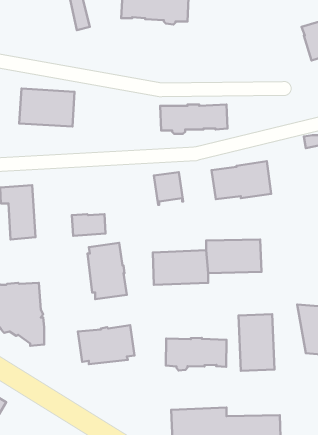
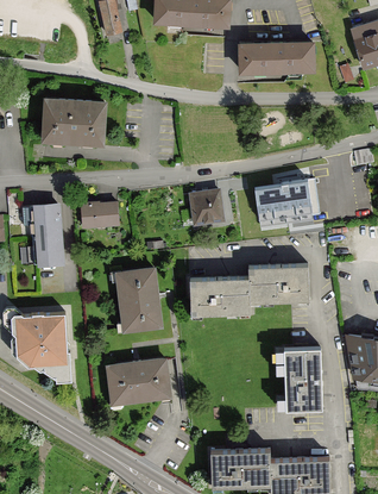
building: [160,105,228,134] -> [240,43,314,75]
building: [72,214,106,236] -> [82,202,119,226]
building: [166,338,226,370] -> none

